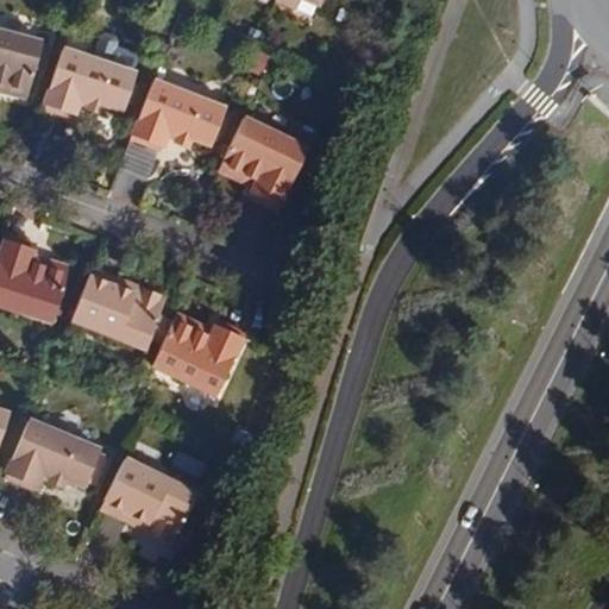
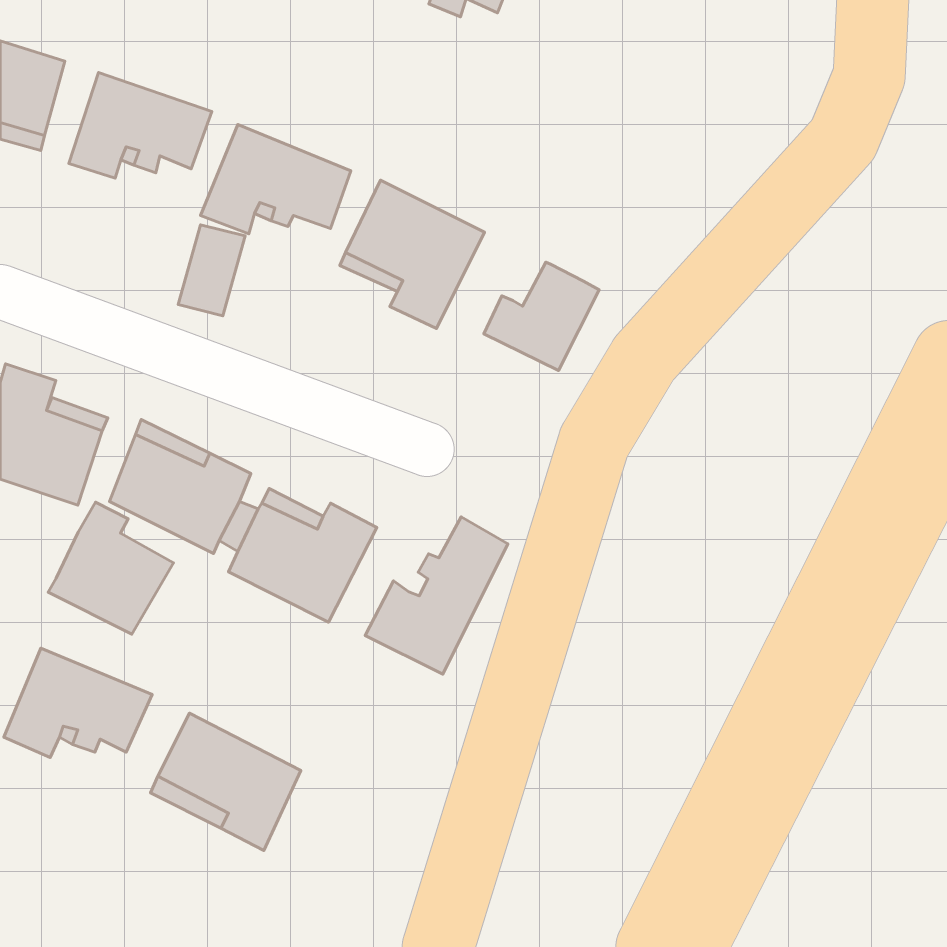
building: none -> [484,262,599,371]
building: none -> [48,502,173,634]
building: none -> [365,517,508,674]

